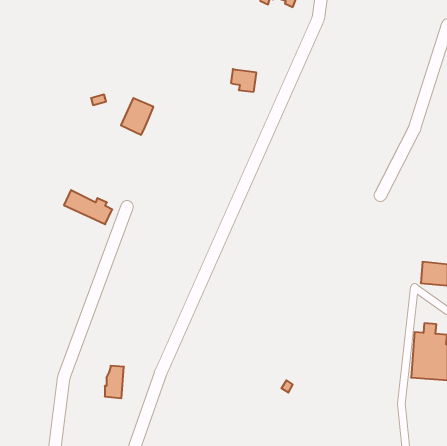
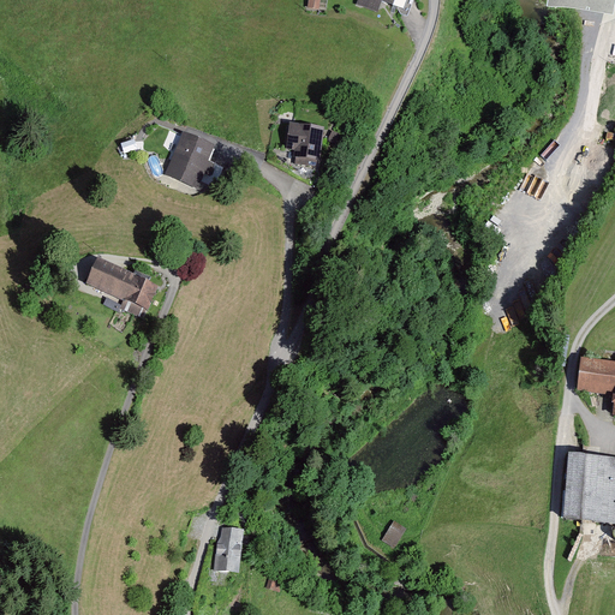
building: [231,69,256,92] -> [285,125,320,156]
building: [105,366,124,398] -> [216,526,243,571]

